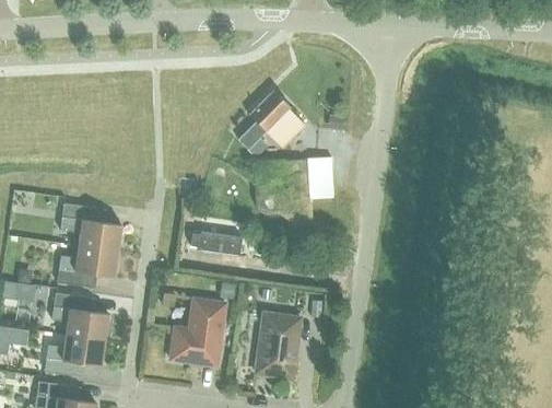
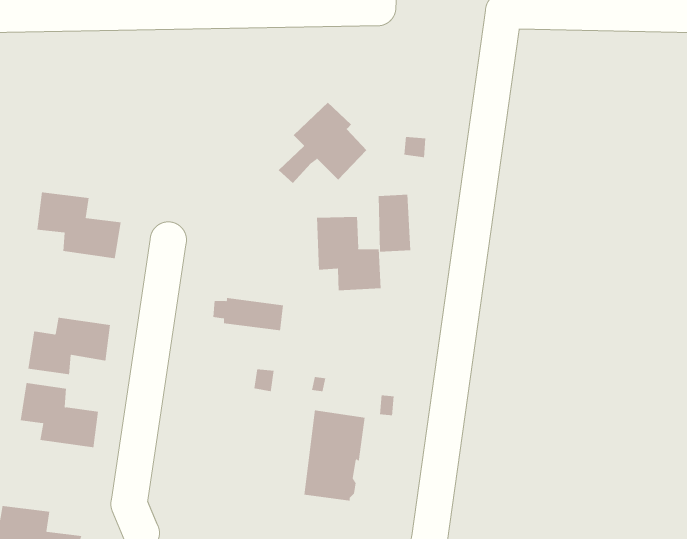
building: none -> [317,216,381,291]
building: [60,202,121,250] -> [37,192,122,259]
building: [169,298,225,365] -> none
building: [44,334,105,375] -> none

